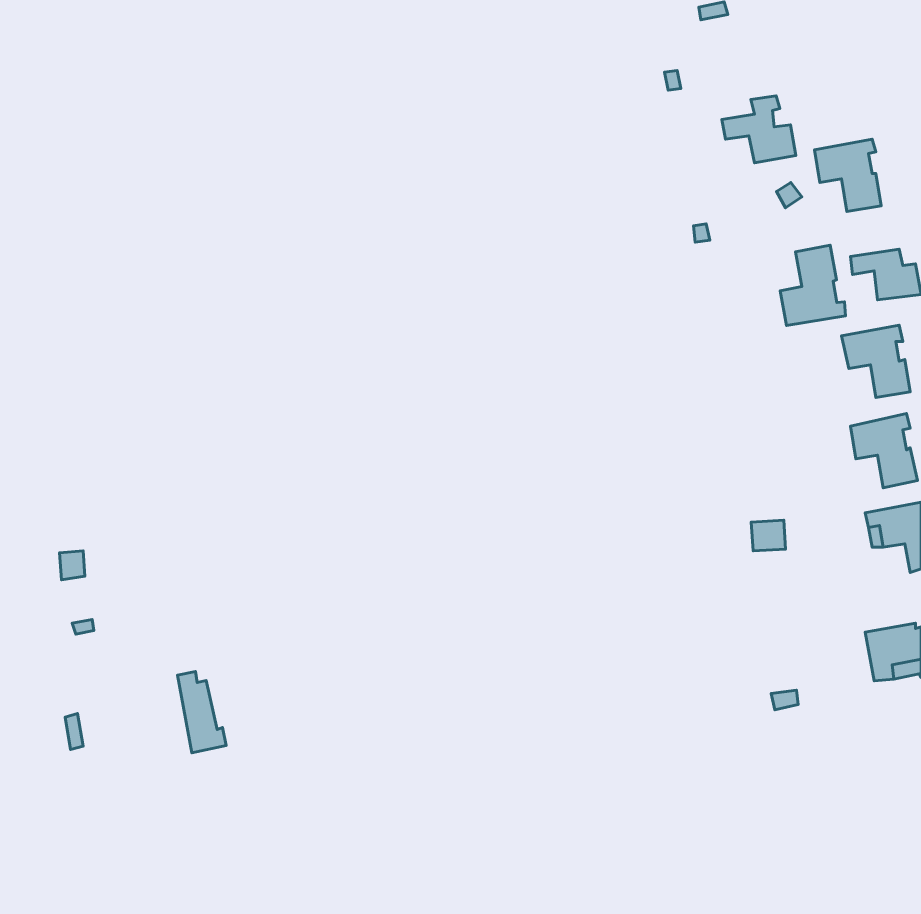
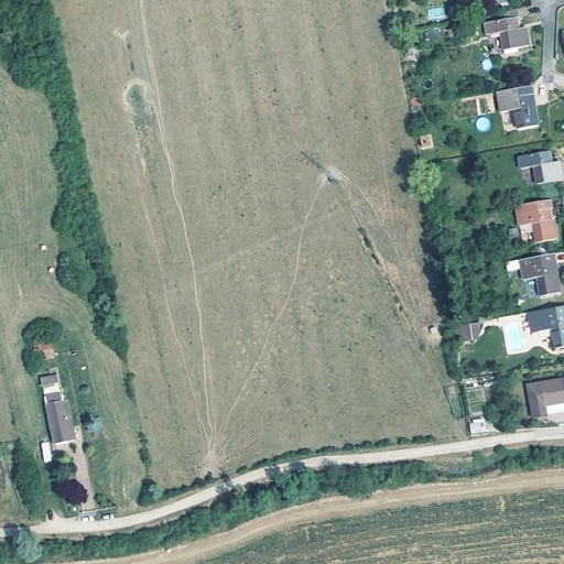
building: [722,96,796,163] -> [485,8,530,48]
building: [780,245,845,325] -> none
building: [177,672,226,753] -> [48,395,78,445]

